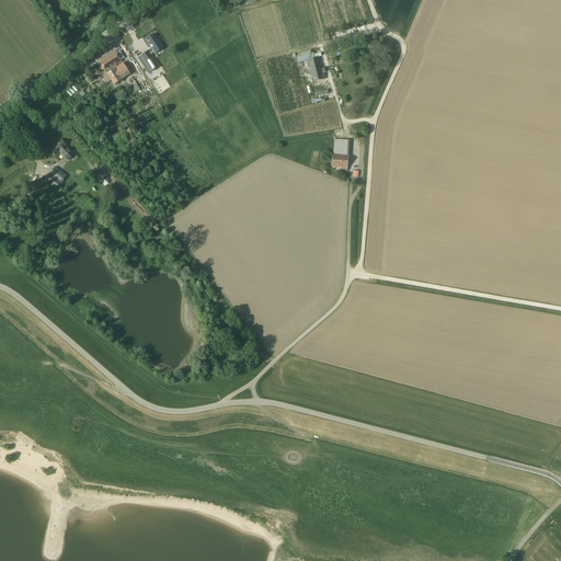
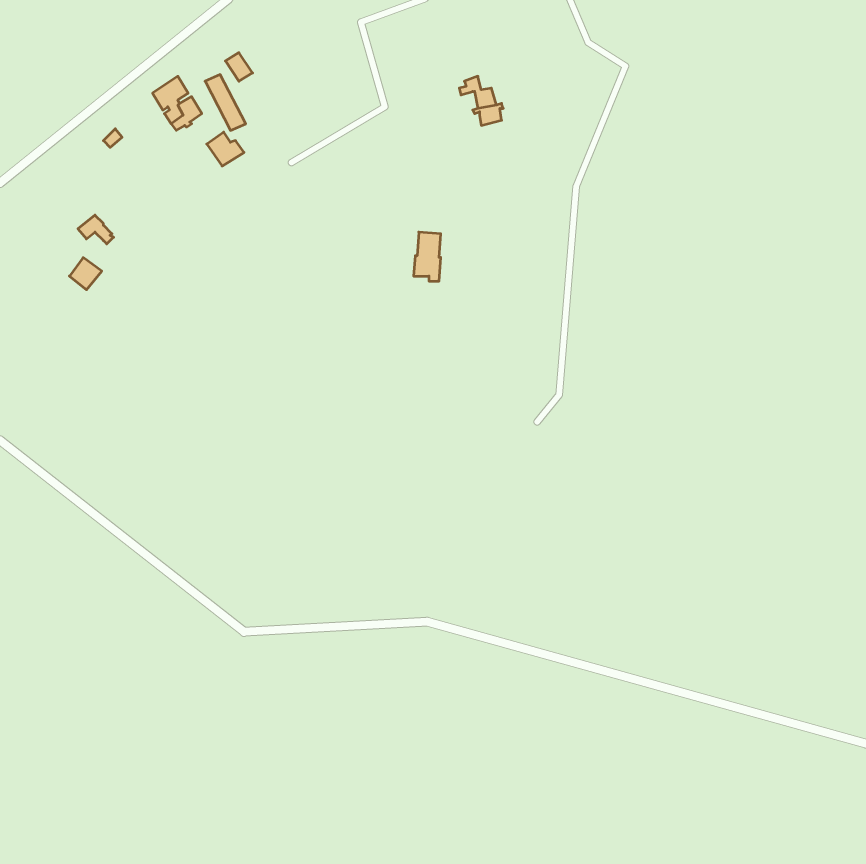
building: [331,138,348,170] -> [414,232,441,281]

